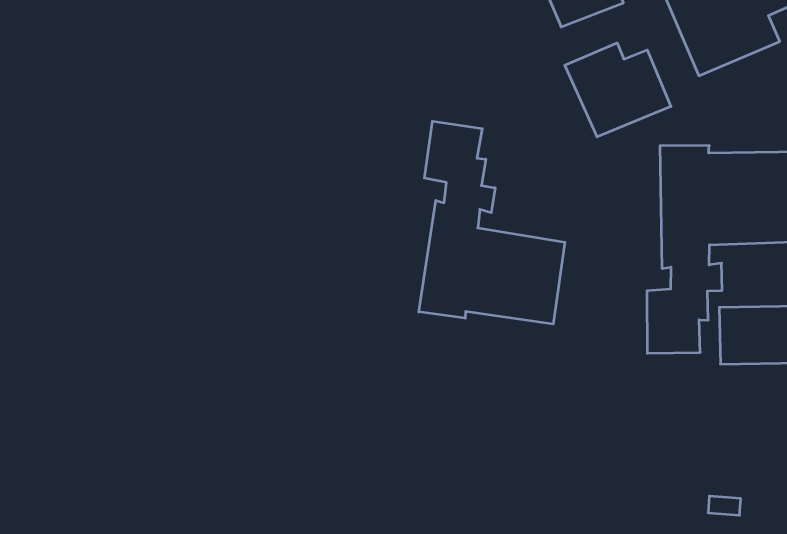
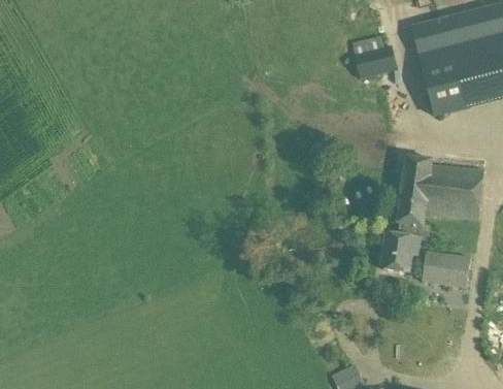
building: [565,43,671,137] -> none
building: [419,121,565,324] -> none

